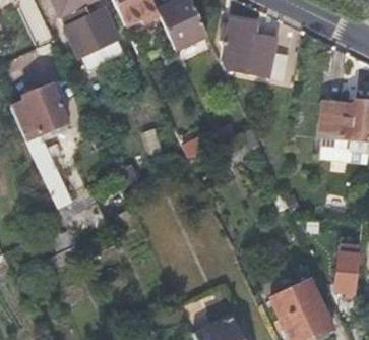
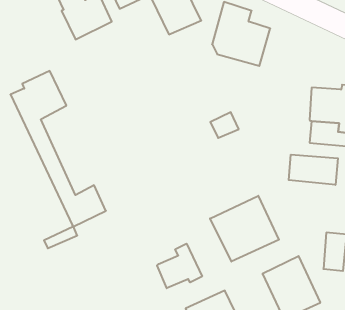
building: none -> [289,155,338,185]
building: none -> [210,196,279,262]
building: none -> [157,244,202,288]

